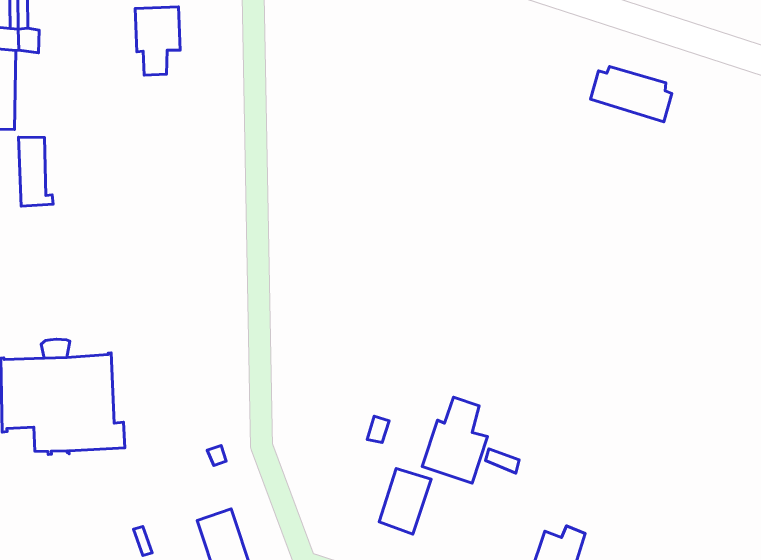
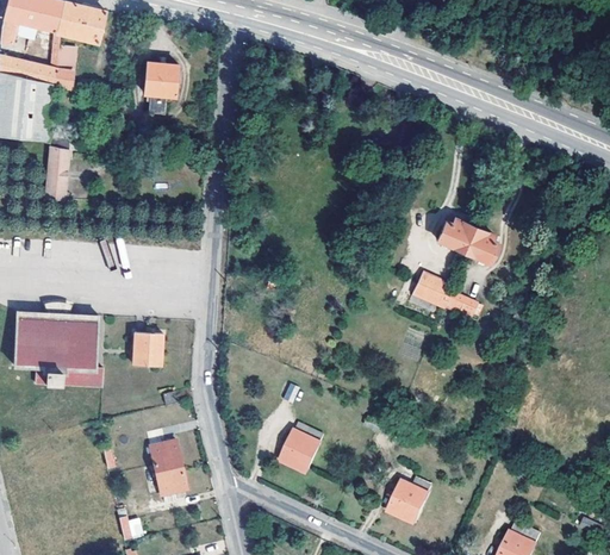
building: [590,66,672,122] -> [432,218,493,263]
building: none -> [409,273,479,316]
building: none -> [132,330,163,364]
building: [422,397,487,483] -> none

